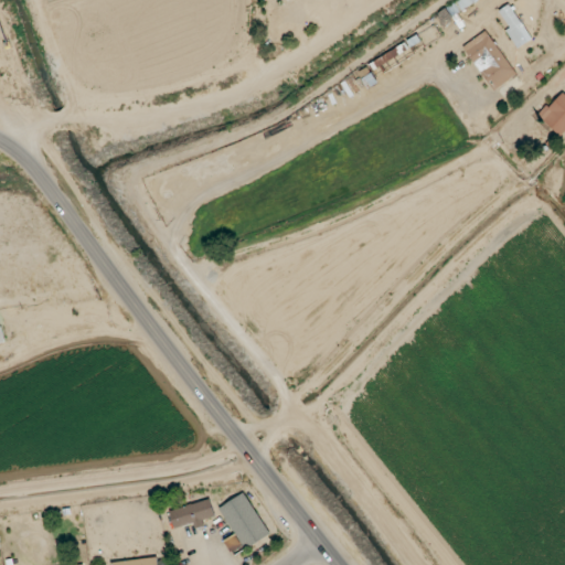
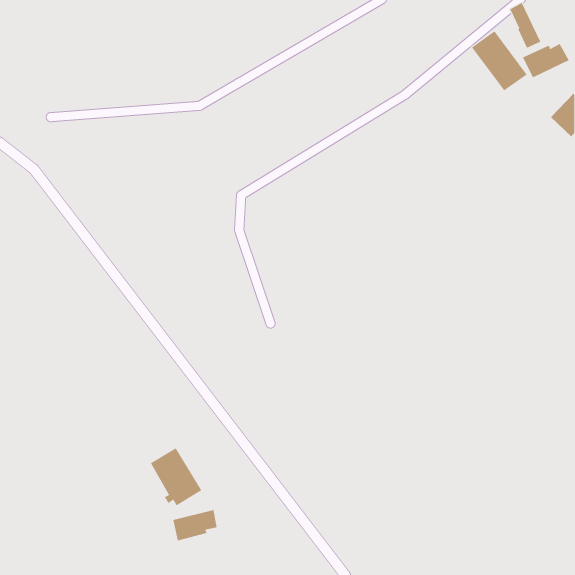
building: none -> [522,43,569,78]
building: [218,491,269,548] -> [150,447,202,506]

